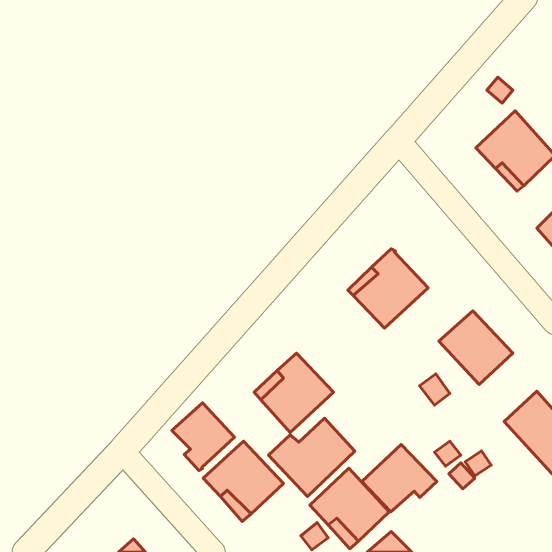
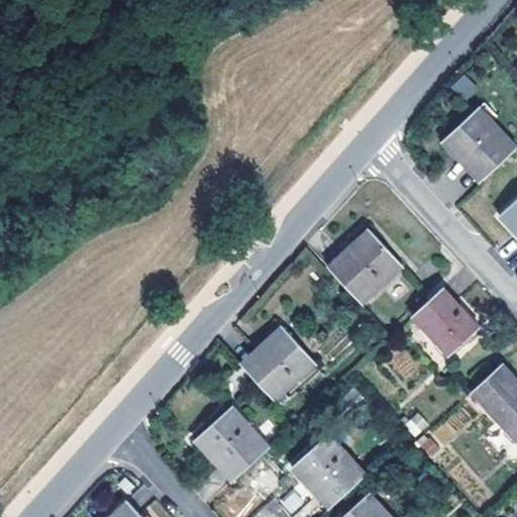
building: [172,403,235,470] -> none
building: [269,418,355,496] -> none
building: [362,445,437,512] -> none

